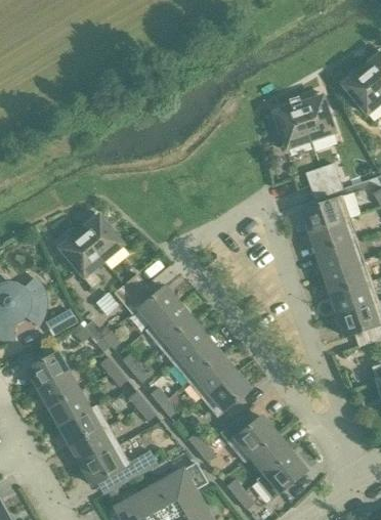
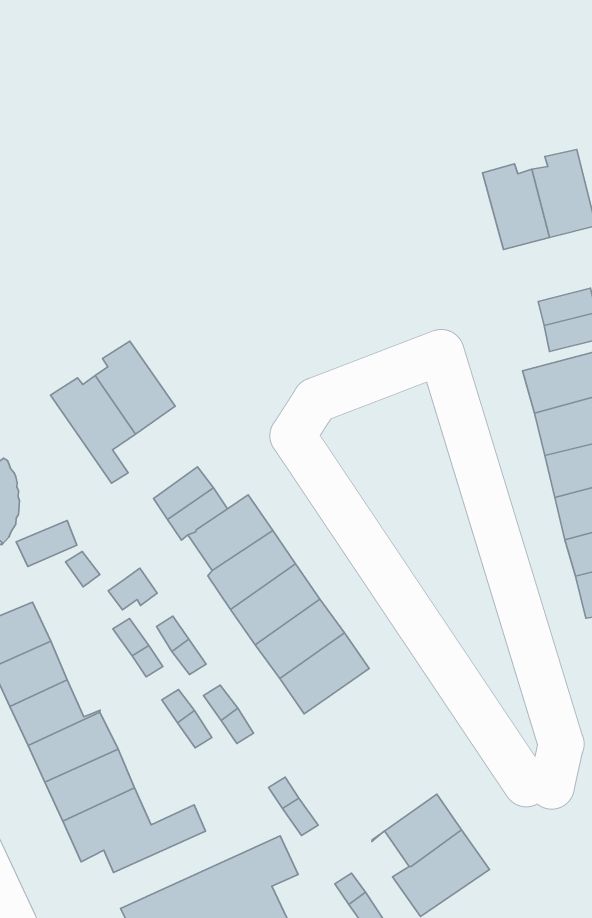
building: [203,372,249,416] -> none
building: [219,414,276,461] -> none

